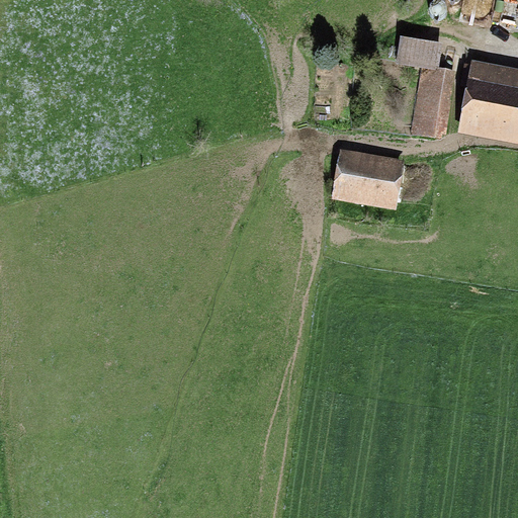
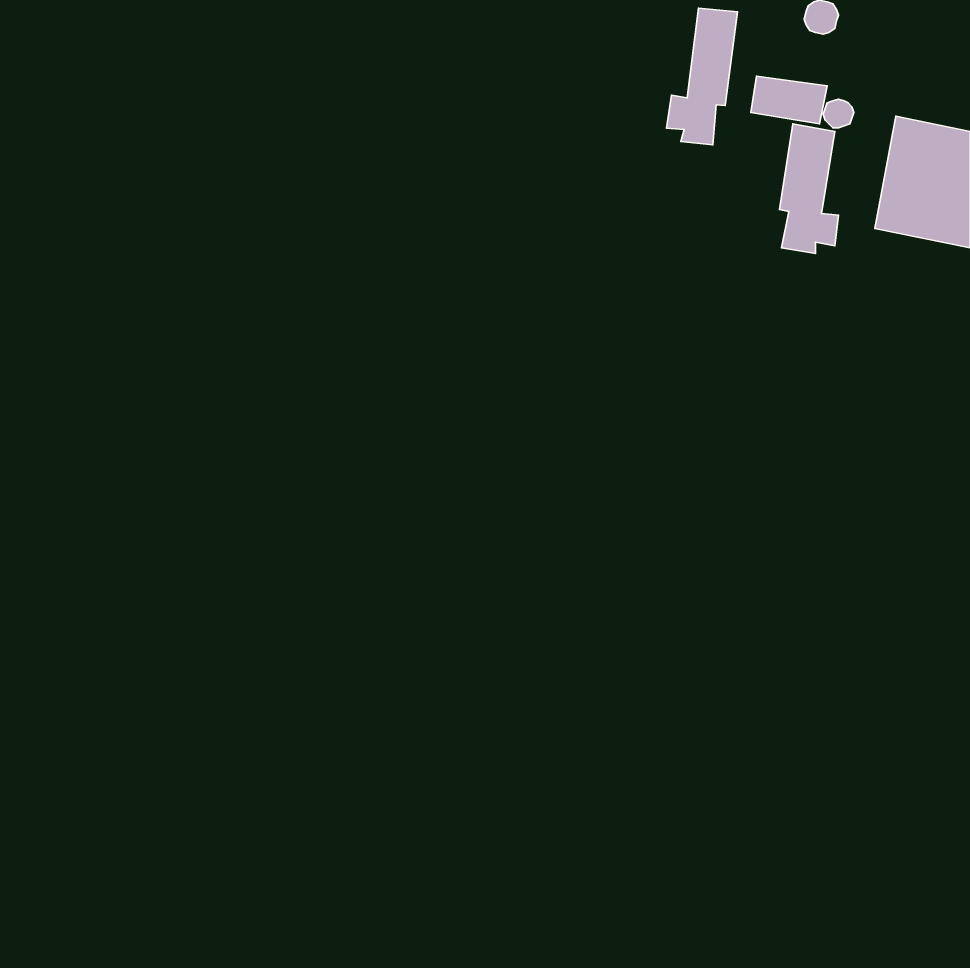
building: none -> [666,8,737,145]
building: [336,155,397,200] -> none

